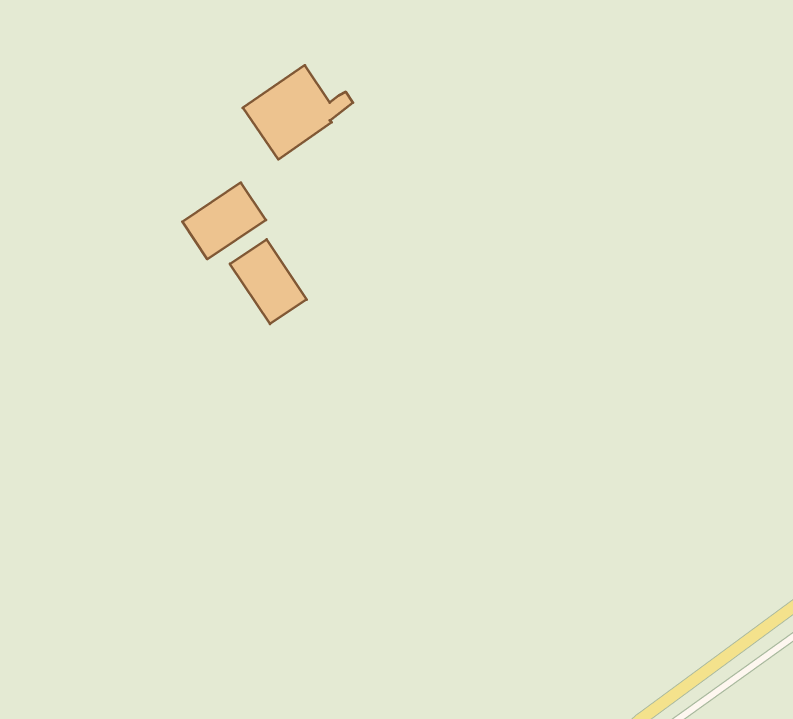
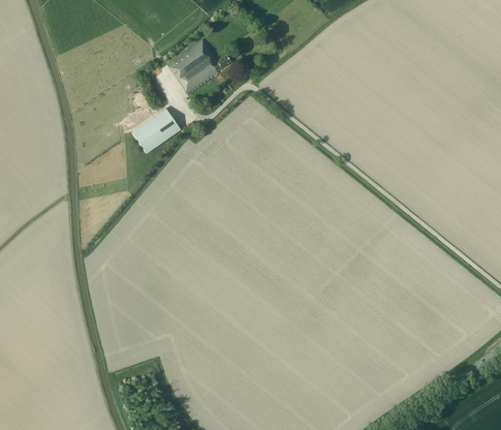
building: [230,239,307,324] -> none

